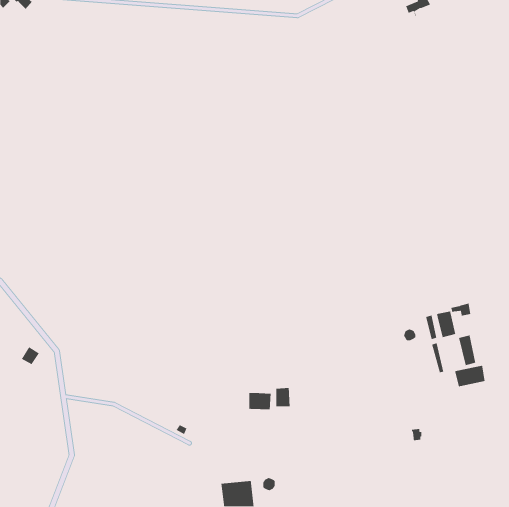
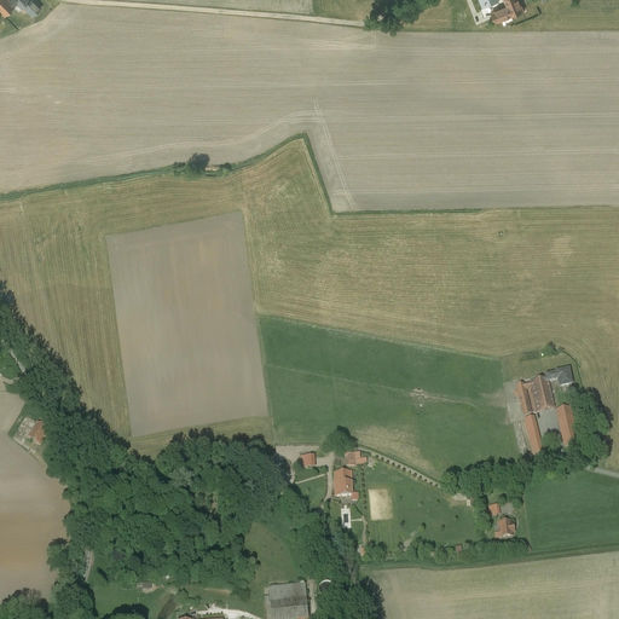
building: [454,365,485,388] -> none
building: [248,392,271,410] -> none

